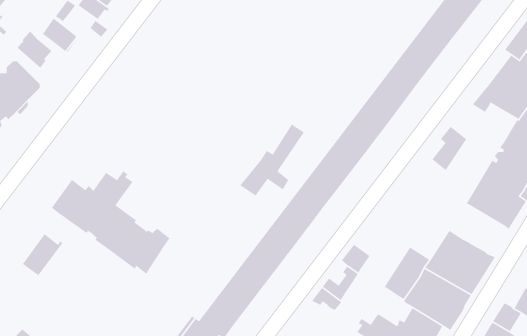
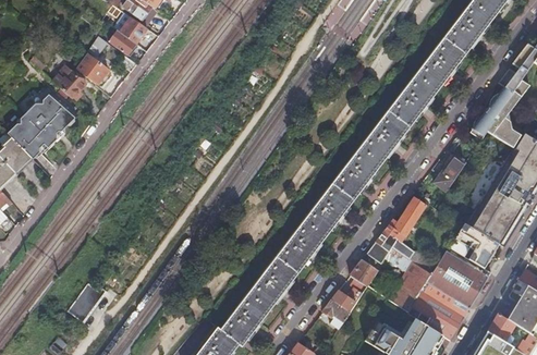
building: [239,124,305,196] -> [366,196,426,262]
building: [51,170,171,275] -> none
building: none -> [449,222,499,268]
building: [22,233,64,276] -> [68,282,106,321]

